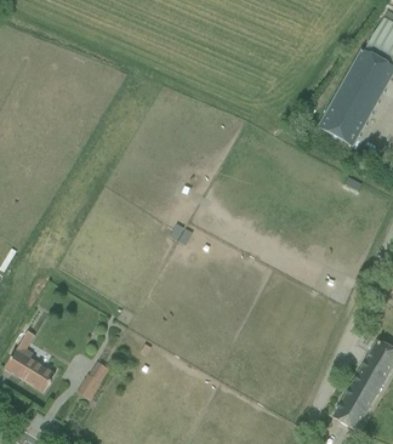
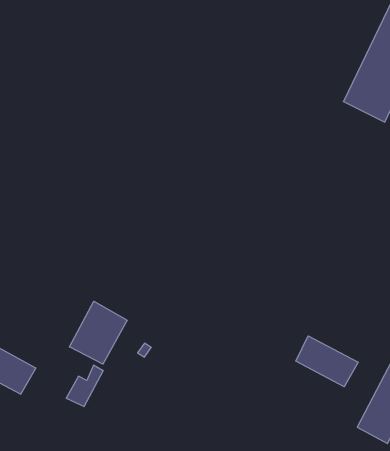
building: none -> [69,301,127,364]
building: none -> [296,336,358,387]

